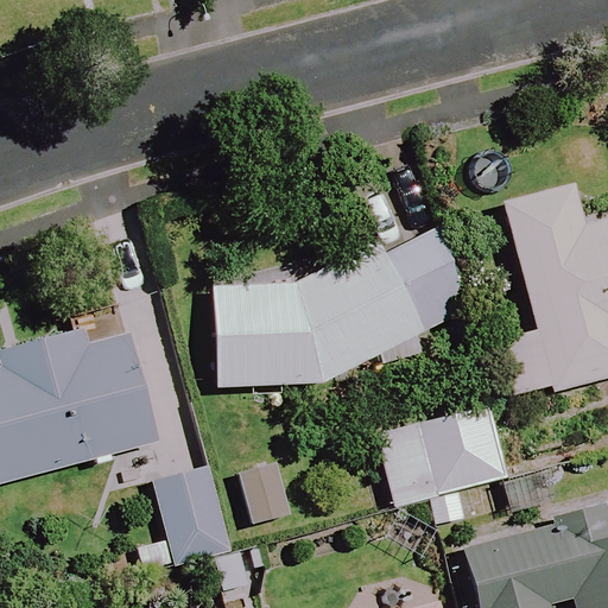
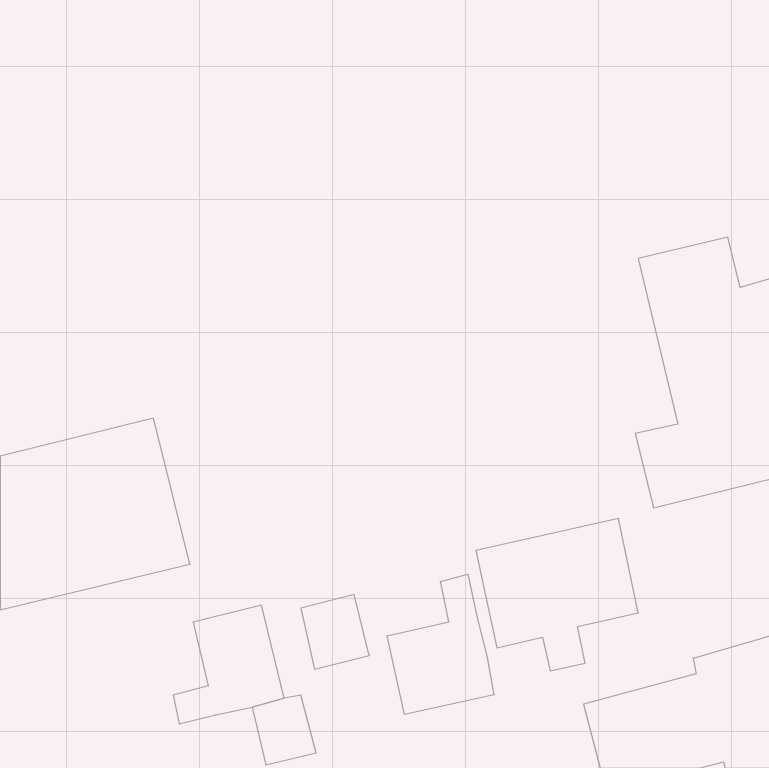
building: [214,224,482,387] -> none
building: none -> [387,574,494,714]

